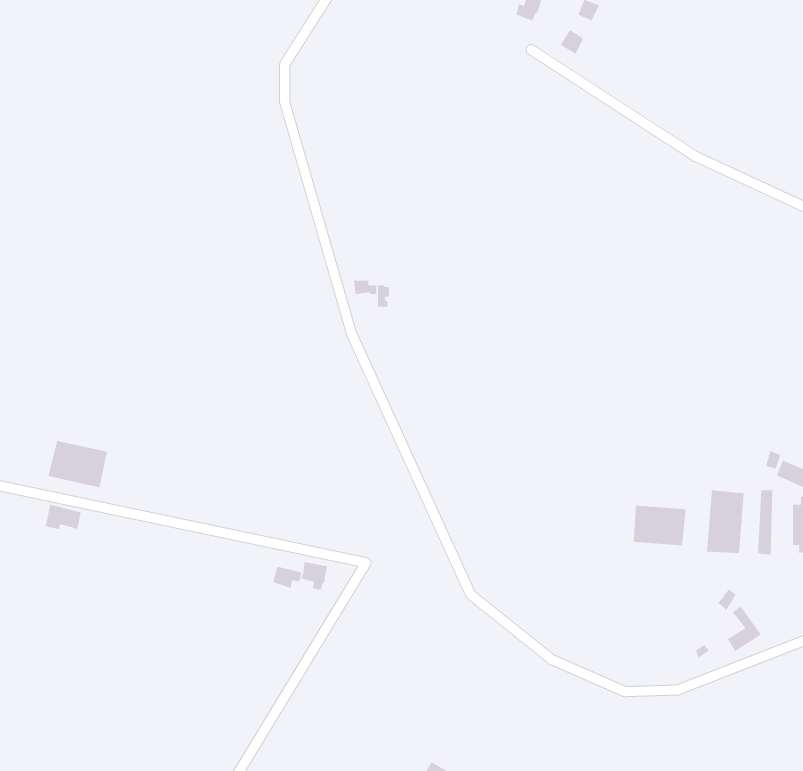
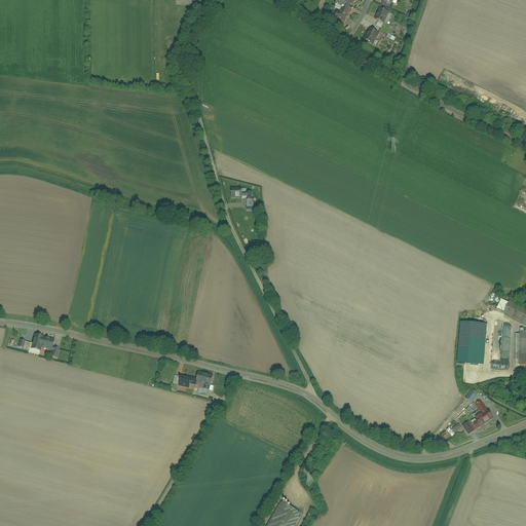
building: [48,440,107,488] -> none
building: [633,505,686,546] -> none

